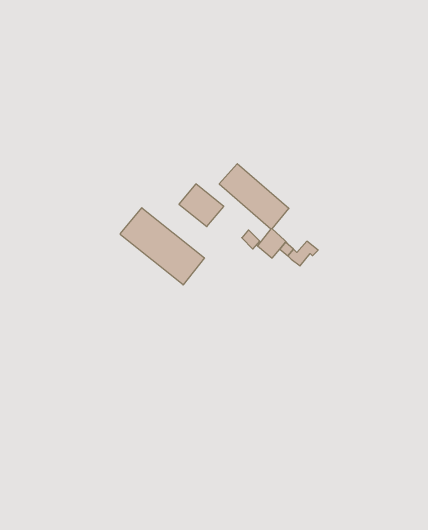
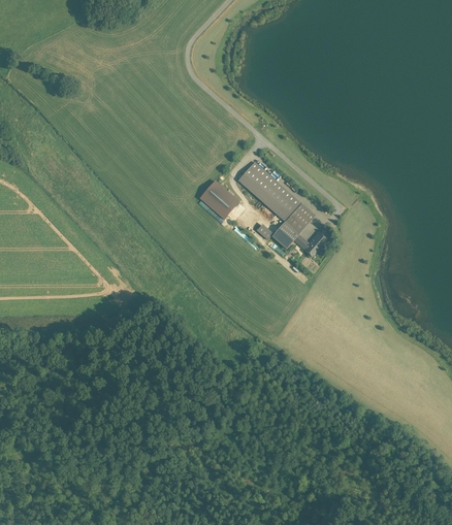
building: [120,208,204,285] -> none
building: none -> [285,202,313,231]

